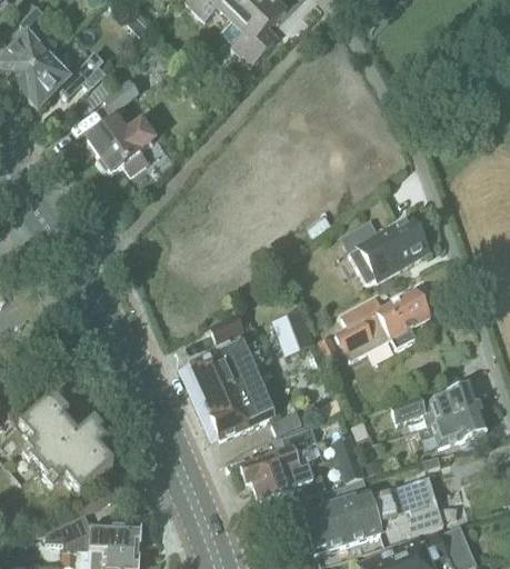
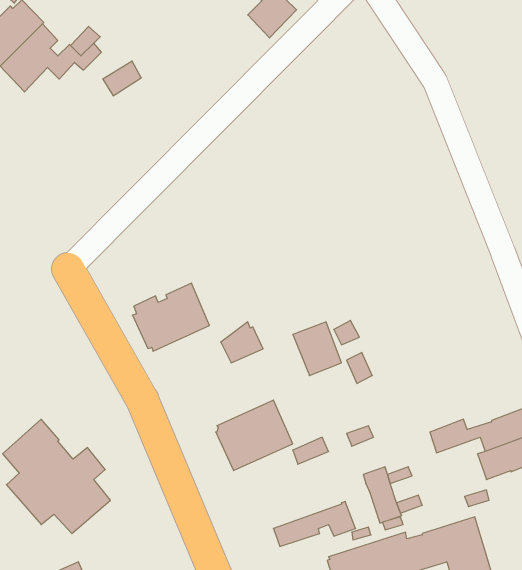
building: [86,118,153,173] -> none
building: [349,216,428,283] -> none
building: [334,289,429,360] -> none
building: [187,340,253,399] -> [132,283,209,351]
building: [240,430,316,488] -> none

